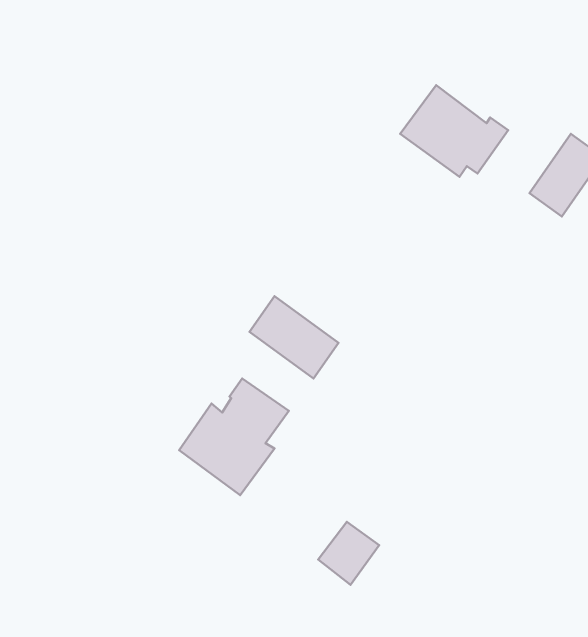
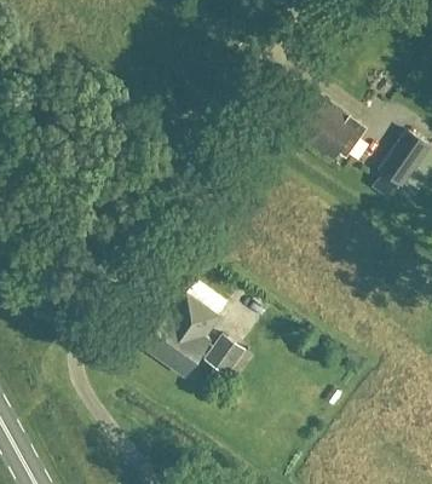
building: [249,296,338,379] -> none
building: [318,522,379,585] -> [203,336,244,379]

